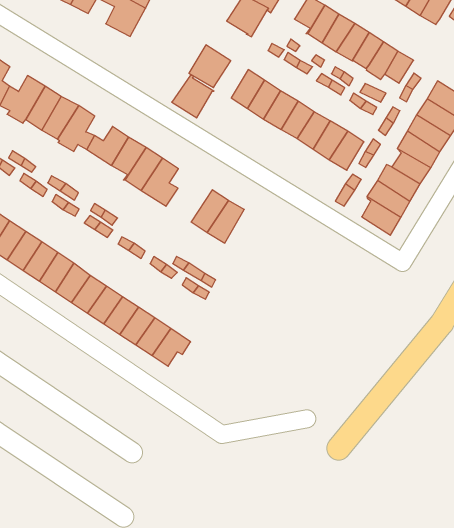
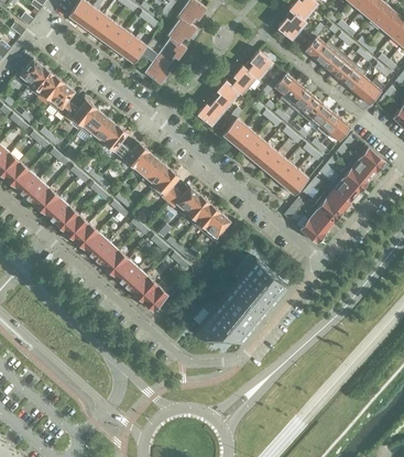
building: [172,75,214,118] -> [210,80,240,110]
building: none -> [167,187,200,216]
building: none -> [204,213,231,244]
building: none -> [193,258,285,342]

